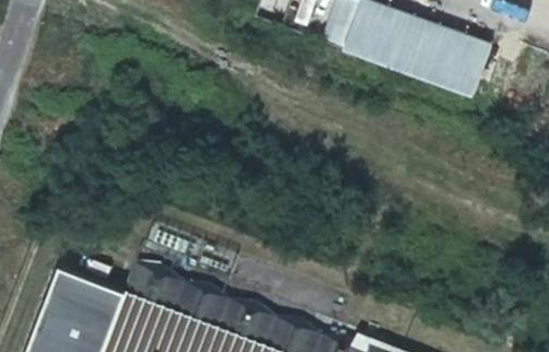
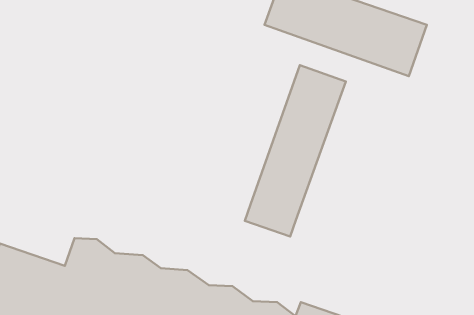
building: none -> [245,65,346,236]

